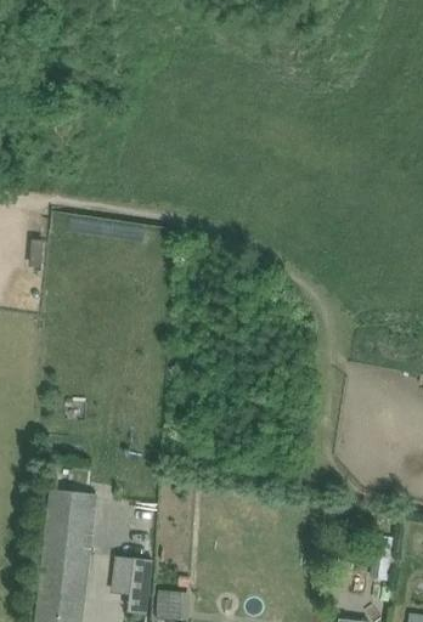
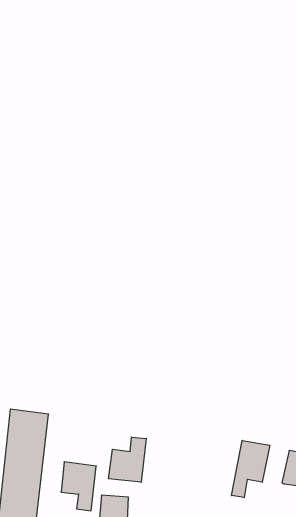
building: none -> [109,437,146,482]
building: none -> [232,440,270,498]

